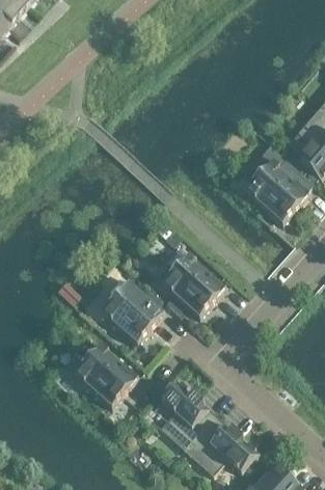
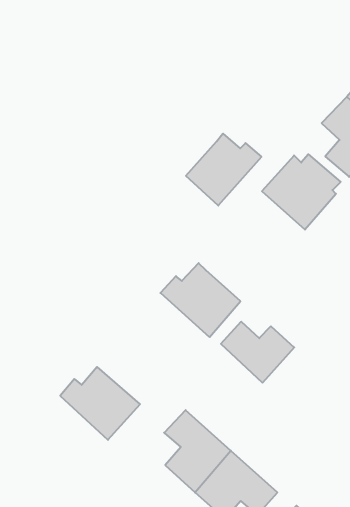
building: none -> [186,134,261,206]
building: [102,280,163,344] -> none
building: none -> [221,322,294,383]

